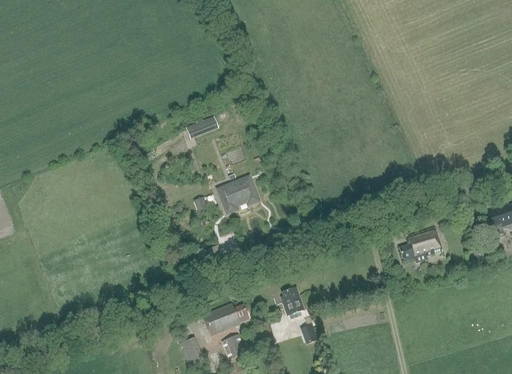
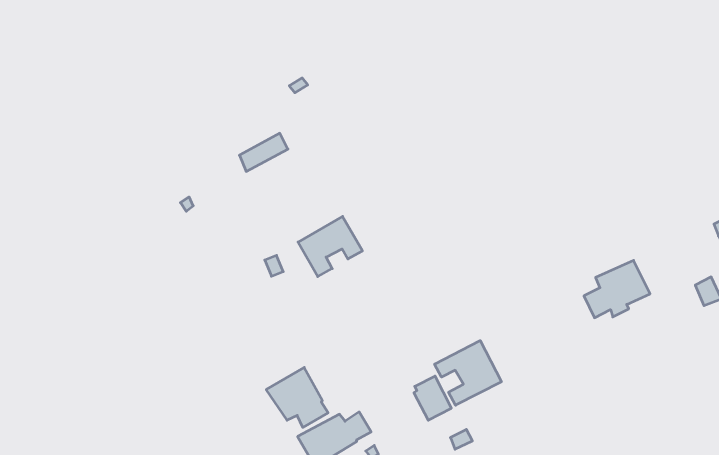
building: none -> [435,341,501,405]
building: none -> [266,367,328,427]

